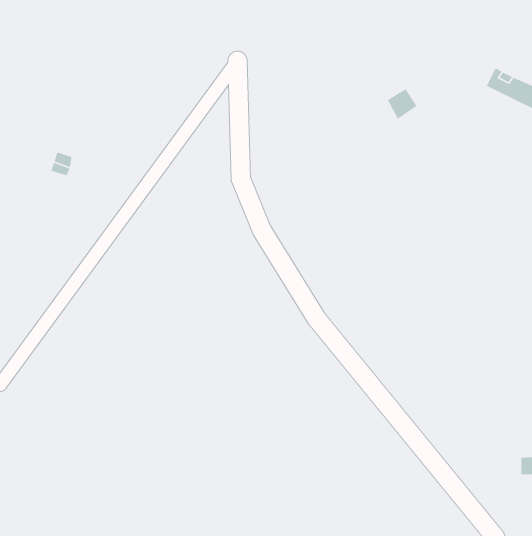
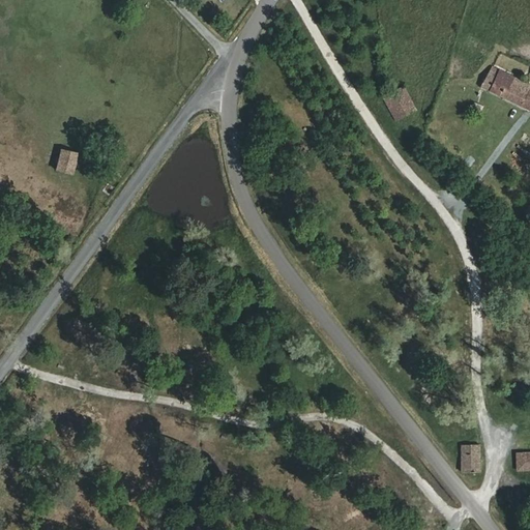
building: none -> [462,443,480,469]

